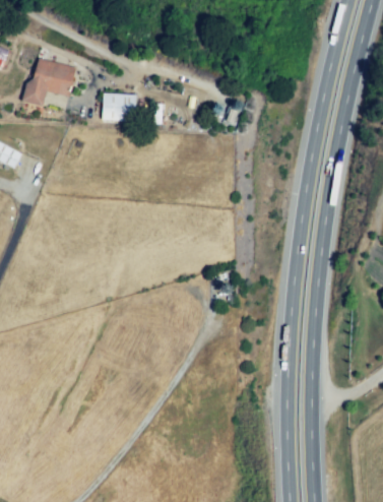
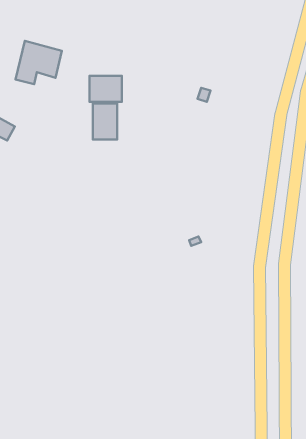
building: none -> [93,103,117,140]

